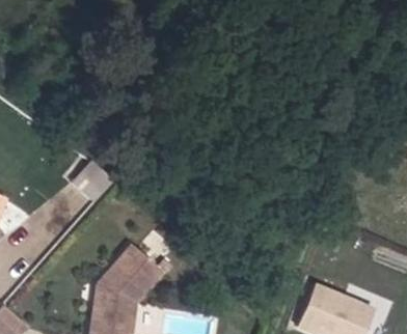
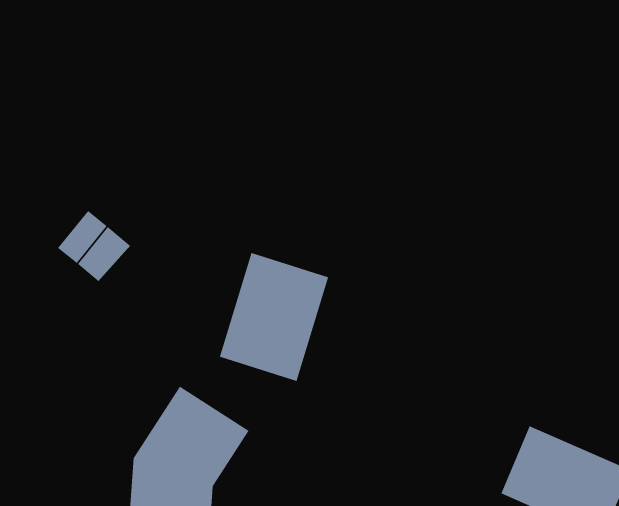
building: none -> [219,252,329,382]

